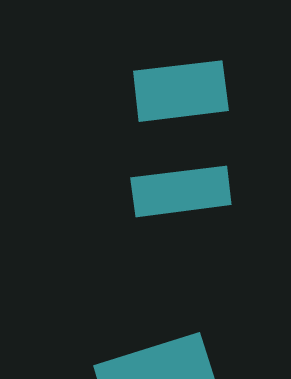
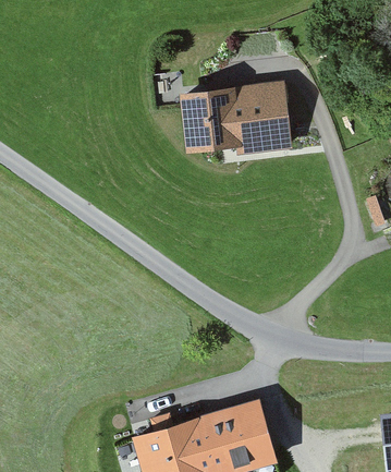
building: [129,165,232,218] -> none

